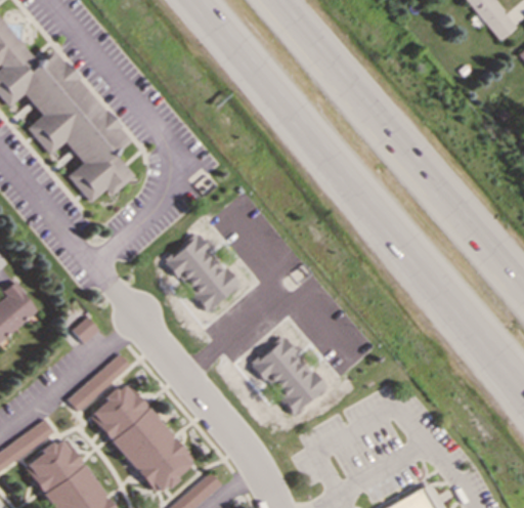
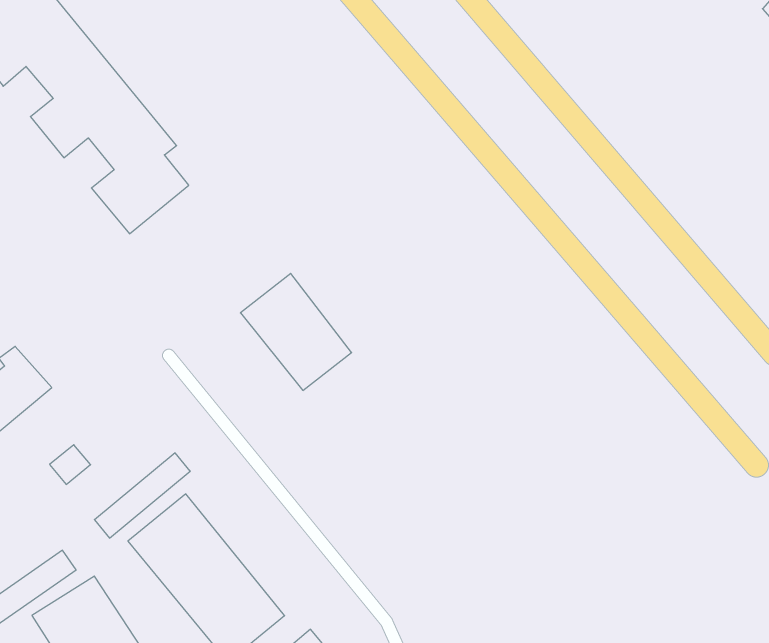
building: [73,316,100,343] -> [50,445,91,484]
building: [253,336,329,414] -> none

